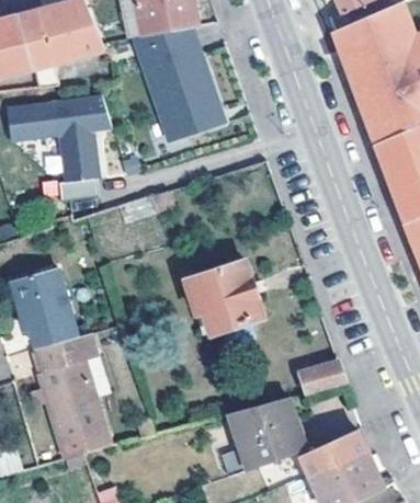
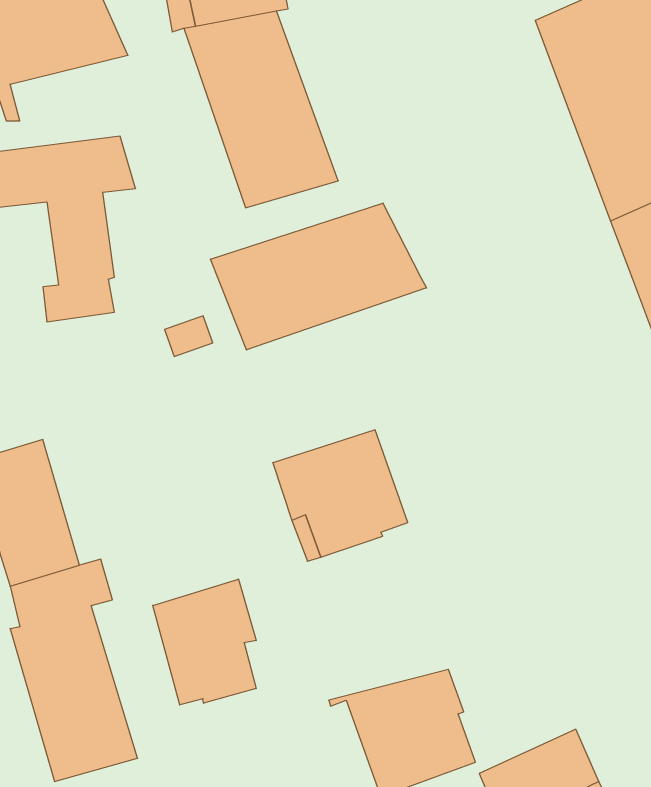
building: none -> [210,203,427,350]
building: none -> [153,579,256,705]
building: [297,361,347,396] -> none

